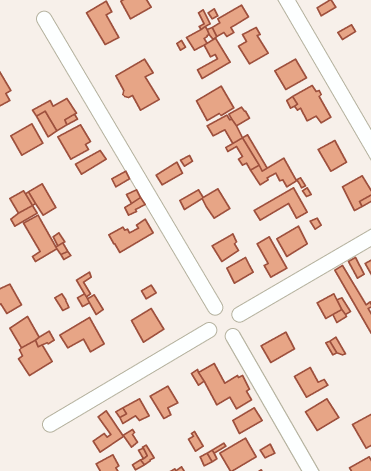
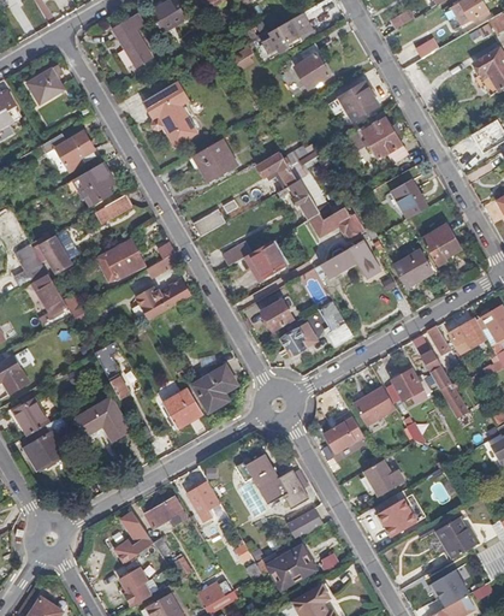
building: [197,38,230,79] -> none
building: none -> [28,65,65,103]
building: [196,86,234,121] -> [192,137,238,179]
building: [11,124,43,155] -> none
building: none -> [90,238,141,286]
building: [277,226,307,257] -> [395,250,432,288]
building: none -> [194,365,238,410]
building: none -> [354,386,396,425]

